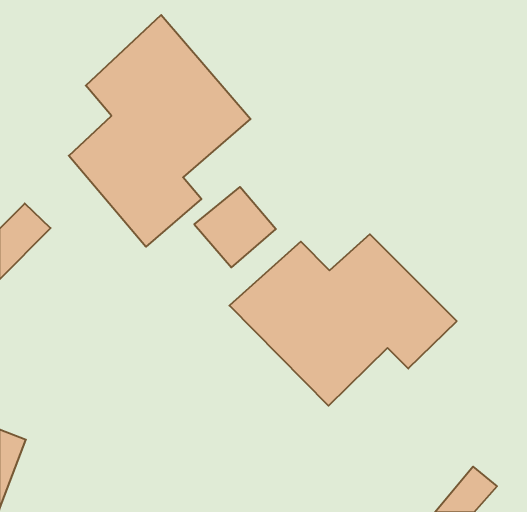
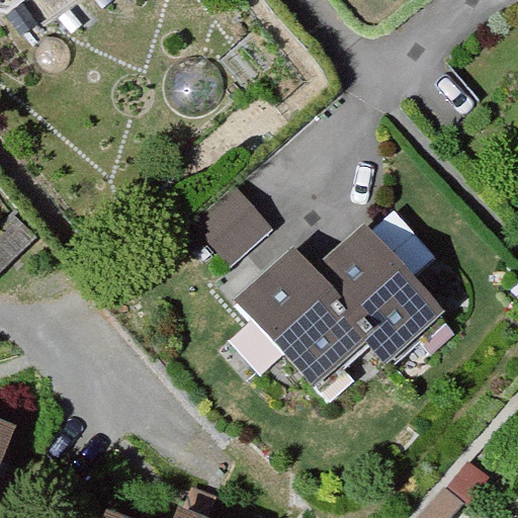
building: [69,15,251,247] -> none

